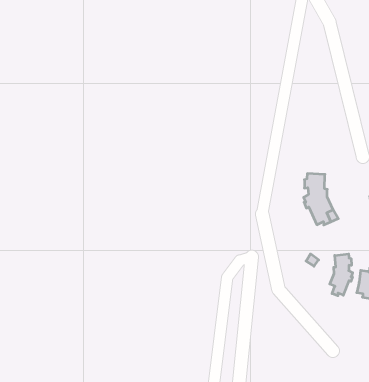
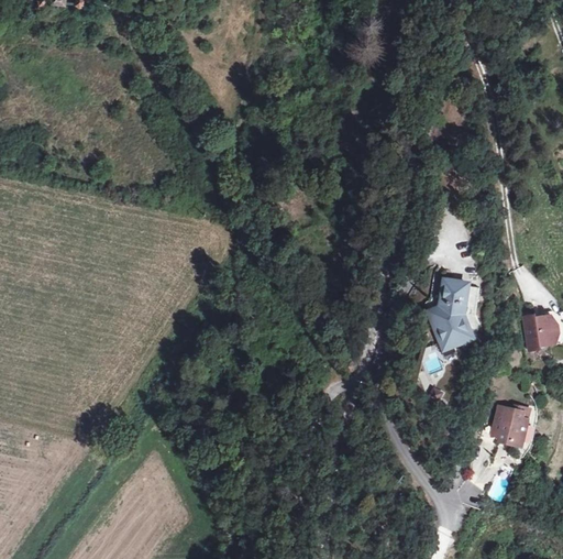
building: [330,254,353,296] -> none

